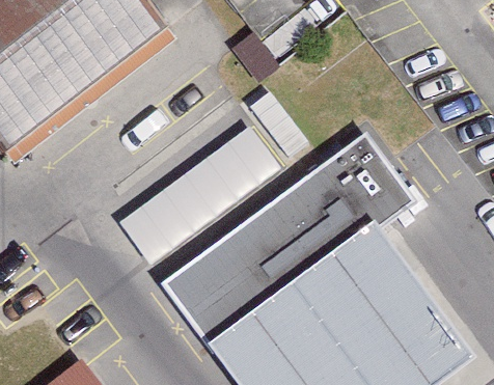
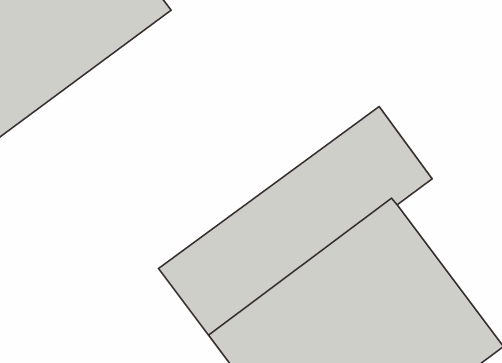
building: [116,125,280,258] -> none

